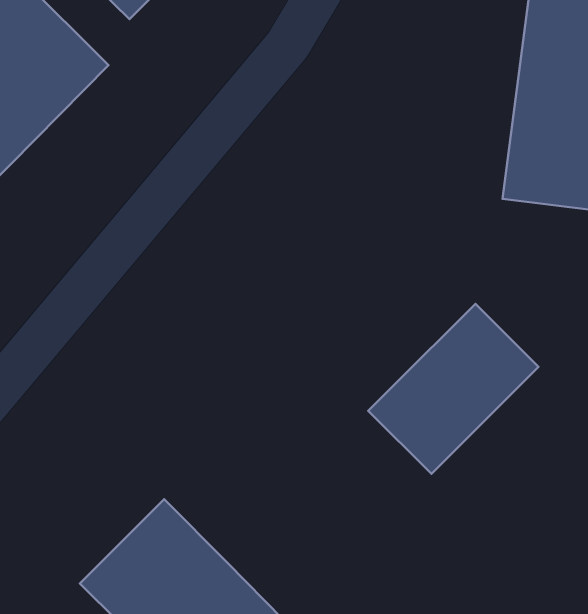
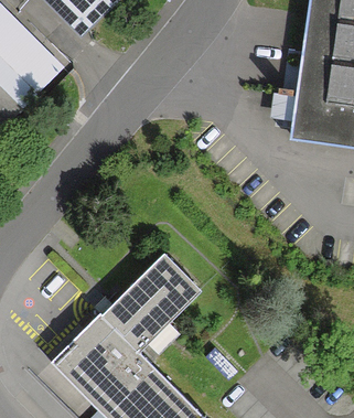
building: [368,304,539,474] -> [99,250,197,349]

